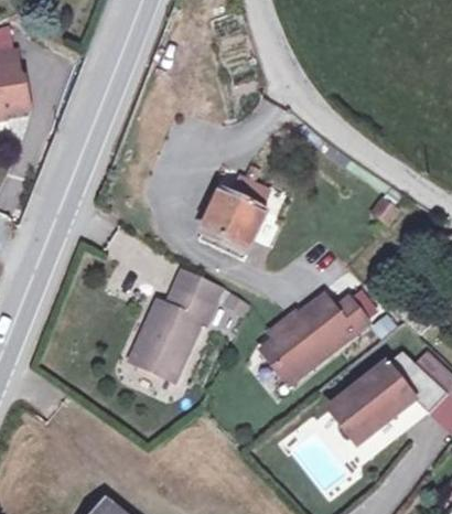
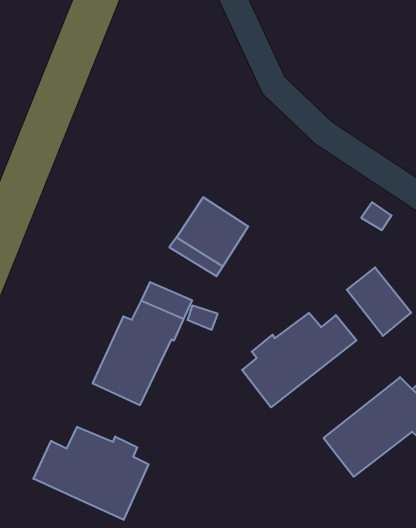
building: none -> [347,267,411,336]
building: none -> [33,427,149,520]

